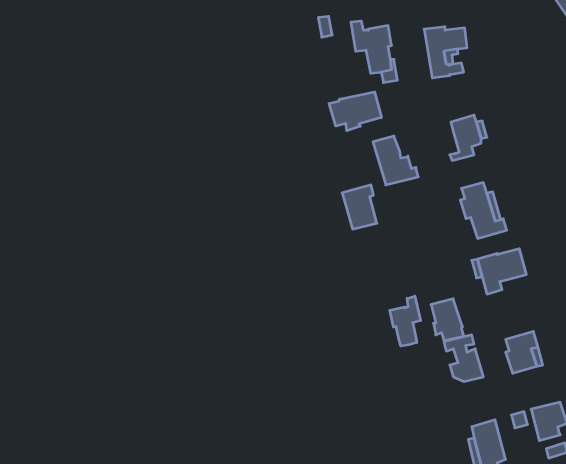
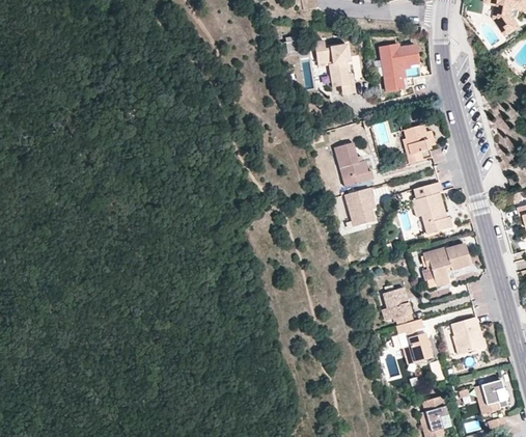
building: [329,92,381,131] -> none
building: [342,185,377,229] -> [343,187,375,226]
building: [390,296,421,346] -> none

